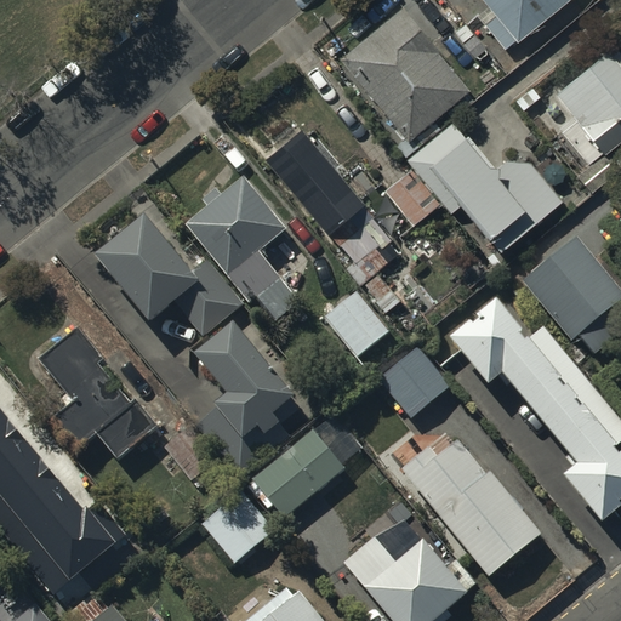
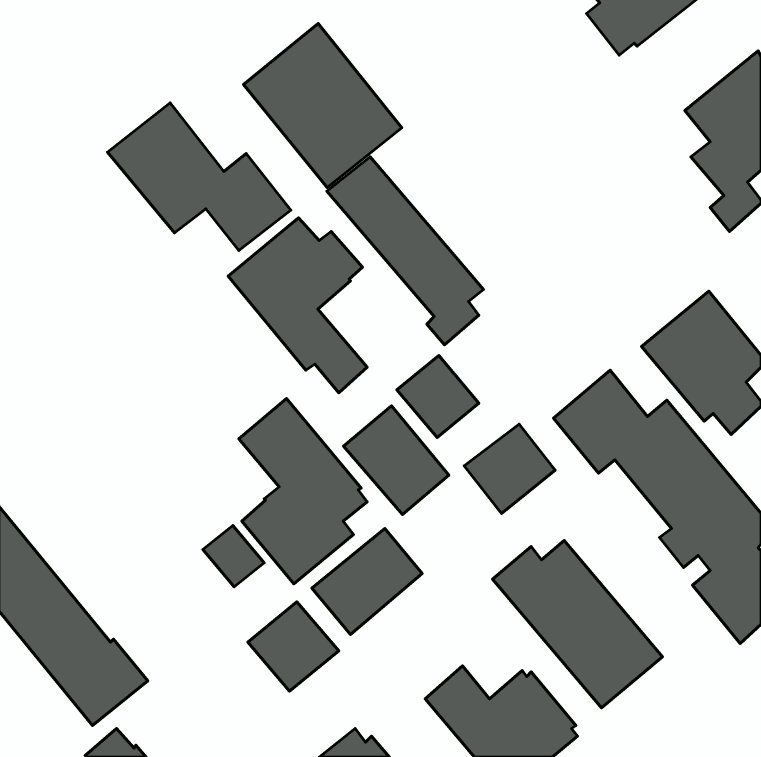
building: [341,5,469,138] -> [244,23,402,188]
building: [384,119,562,249] -> none
building: [95,216,244,336] -> [107,103,291,251]
building: [39,326,158,457] -> none
building: none -> [343,406,449,514]

